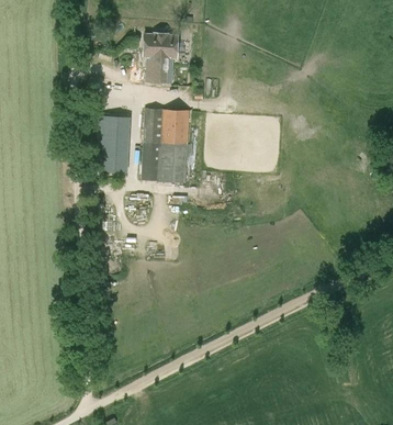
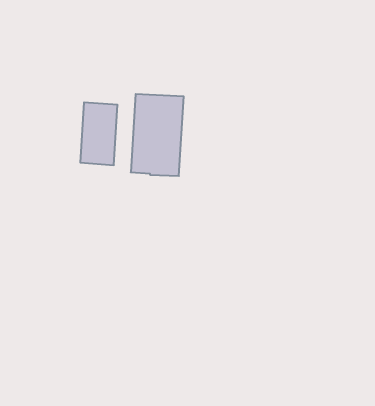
building: [144,33,178,83] -> none

